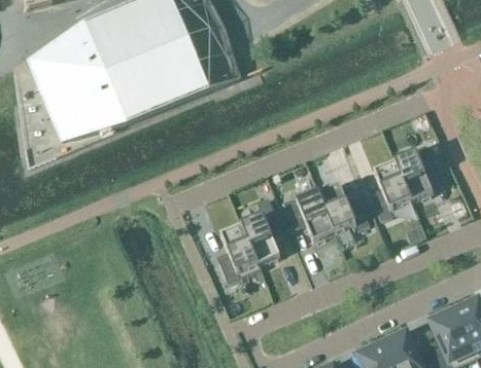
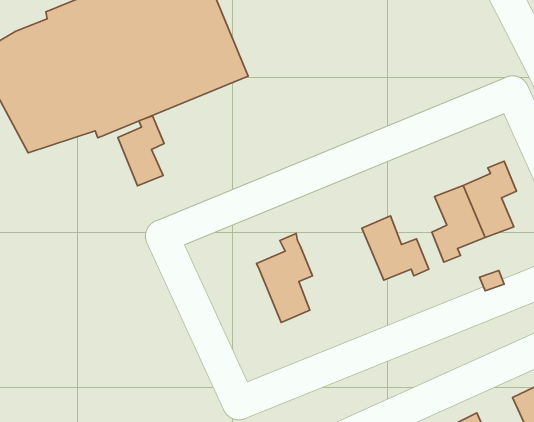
building: none -> [118,116,164,186]
building: [285,182,337,238] -> none
building: [220,221,262,279] -> none

